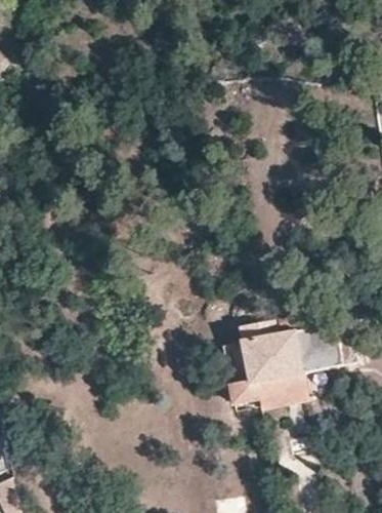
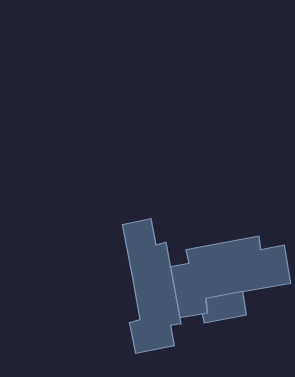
building: none -> [122,219,181,353]

